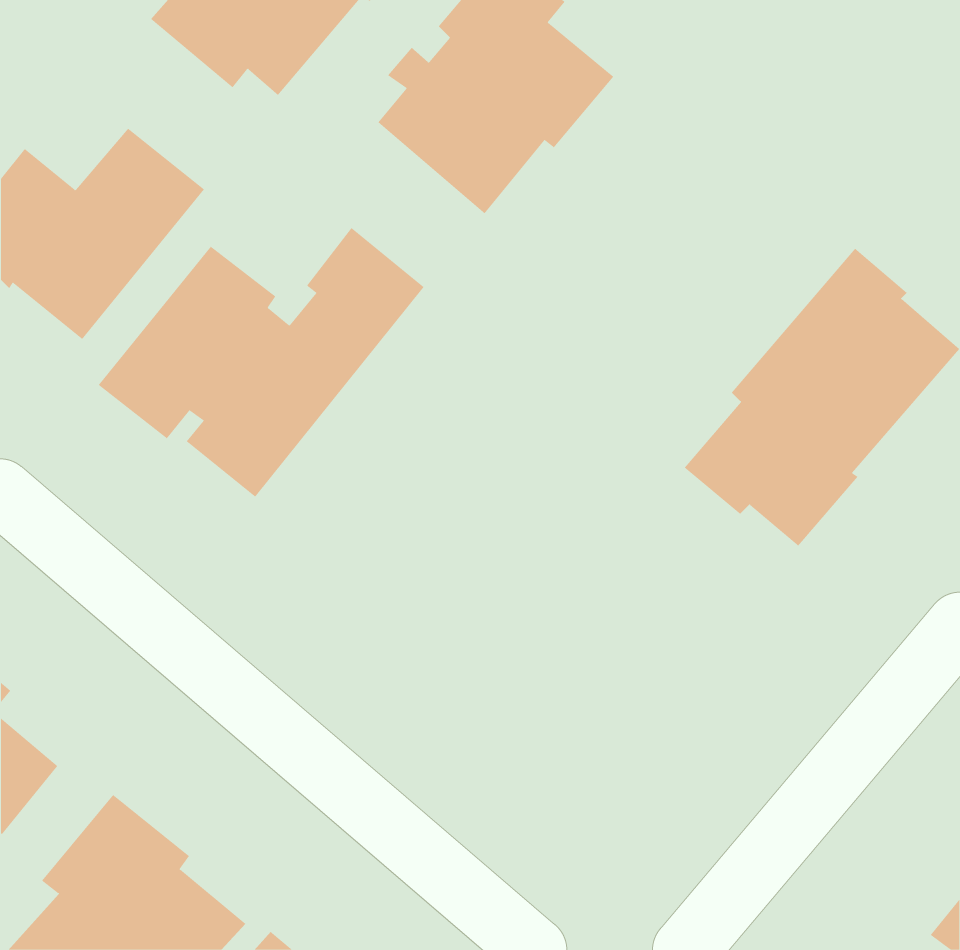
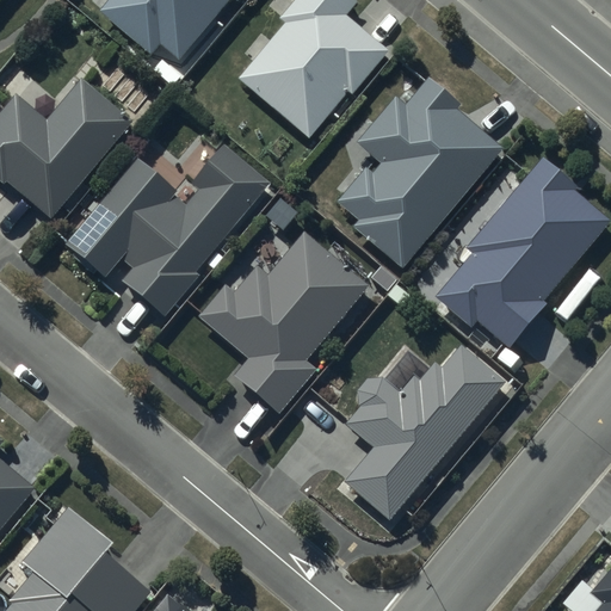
building: none -> [335,79,501,269]
building: none -> [198,230,369,412]
building: none -> [340,346,504,523]

